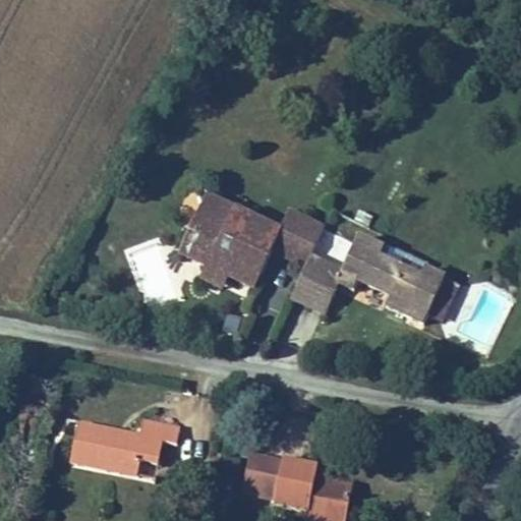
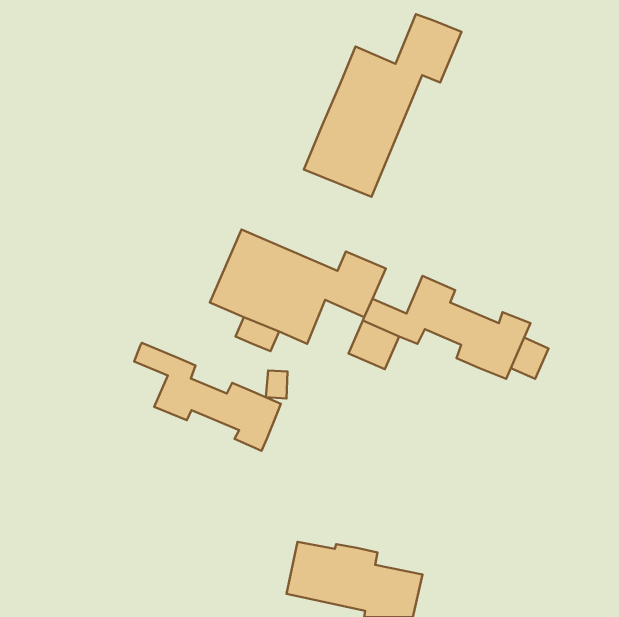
building: none -> [304,14,462,197]
building: none -> [134,343,281,451]
building: [69,417,179,475] -> none

